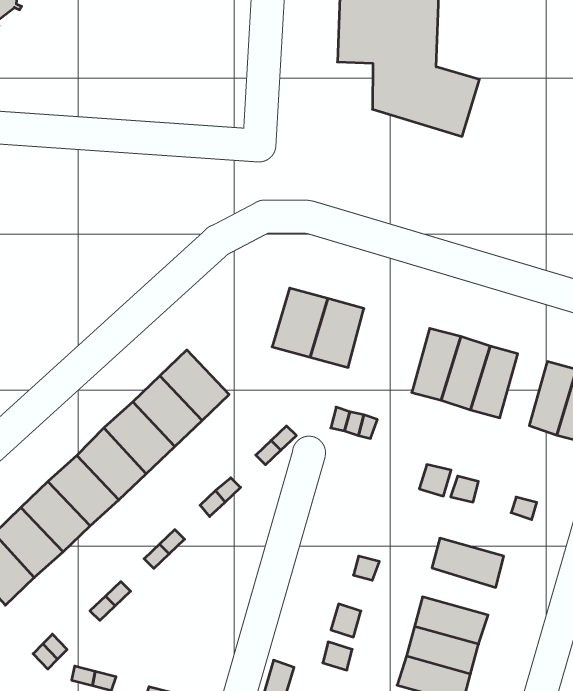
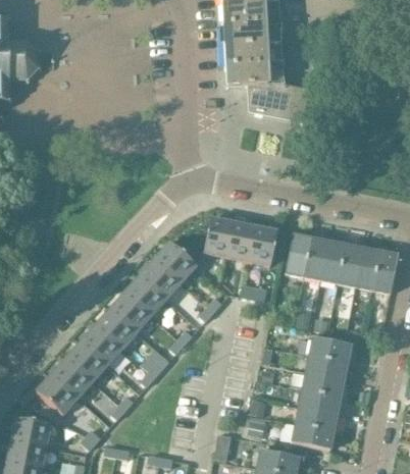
building: none -> [248,226,277,266]
building: none -> [154,242,196,282]
building: none -> [338,245,362,285]
building: none -> [309,336,351,362]
building: none -> [302,372,344,397]

